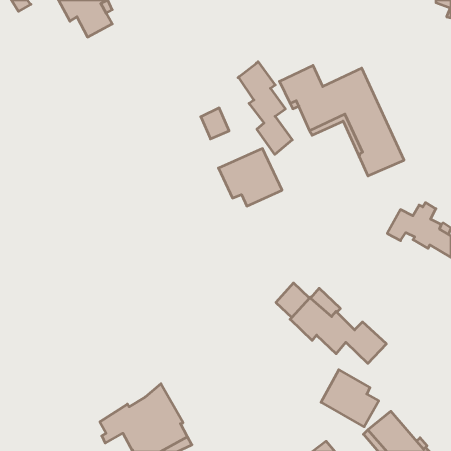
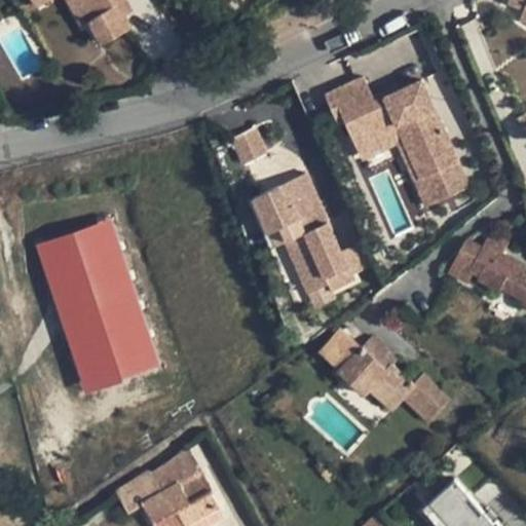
building: [238,62,292,154] -> none
building: none -> [34,220,159,394]
building: none -> [287,222,354,292]
building: [321,370,379,427] -> none

